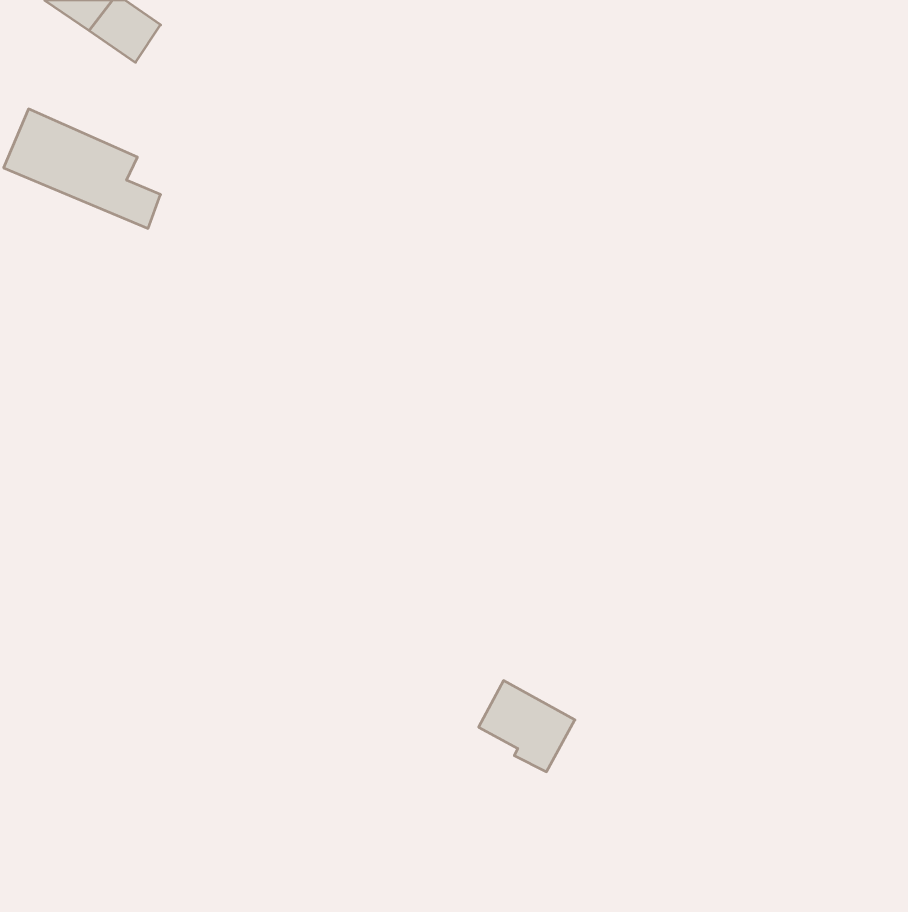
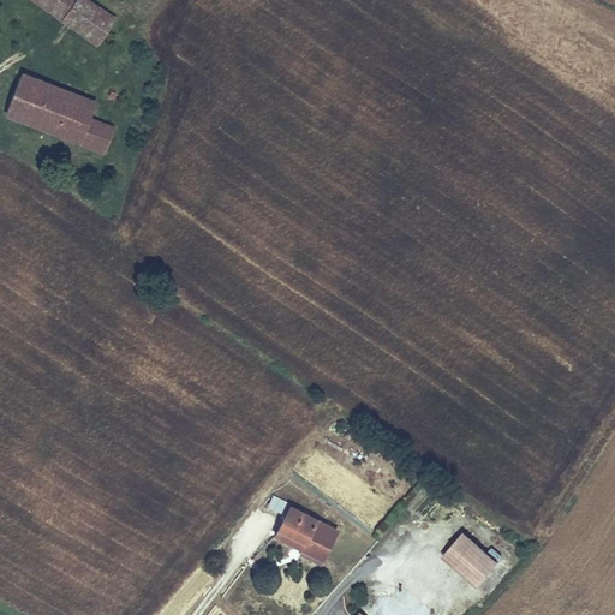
building: [479,681,575,772] -> [276,504,341,566]
building: none -> [444,532,501,587]

